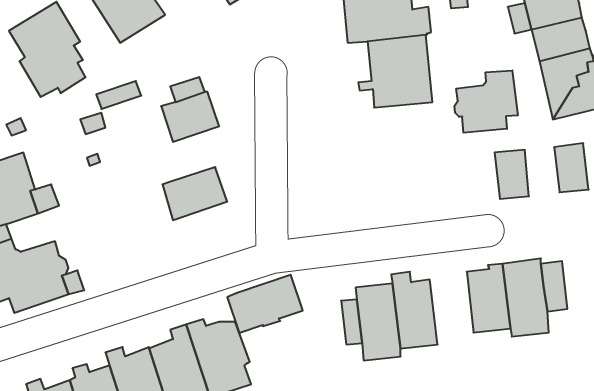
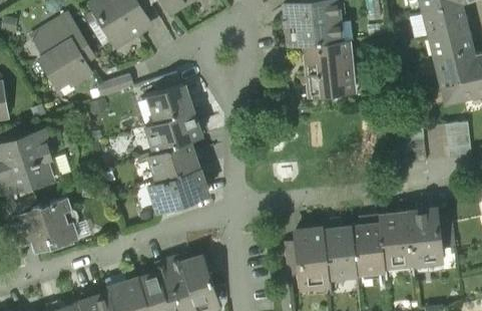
building: [455,70,518,133] -> none
building: none -> [146,109,201,151]
building: none -> [352,216,386,275]
building: [227,275,303,333] -> [150,167,207,211]

